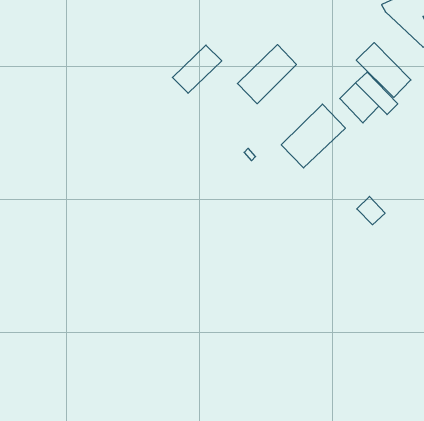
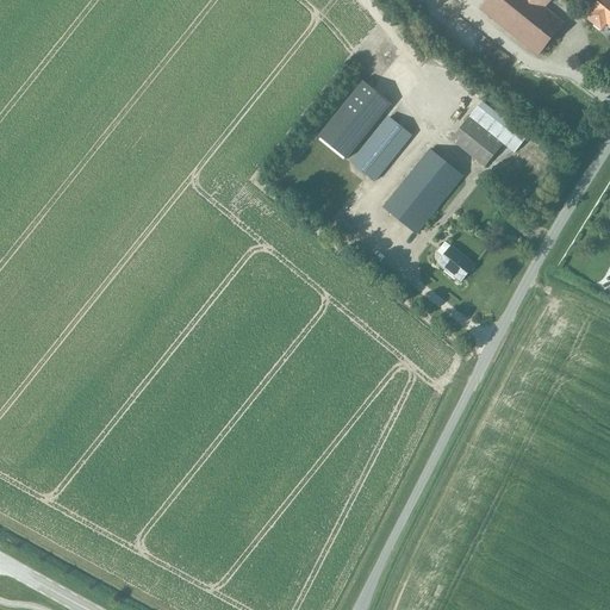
building: [356,43,411,97] -> none
building: [172,45,222,93] -> [350,117,411,181]
building: [357,196,385,225] -> [436,245,473,281]

